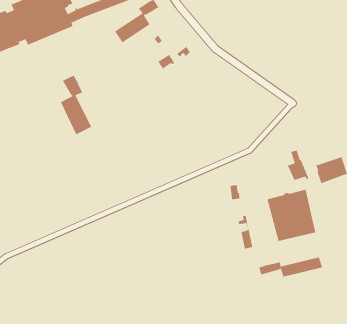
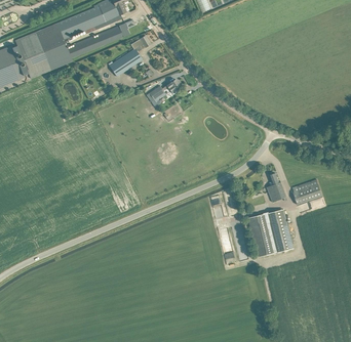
building: [60,74,92,136] -> none
building: [258,256,323,278] -> none

